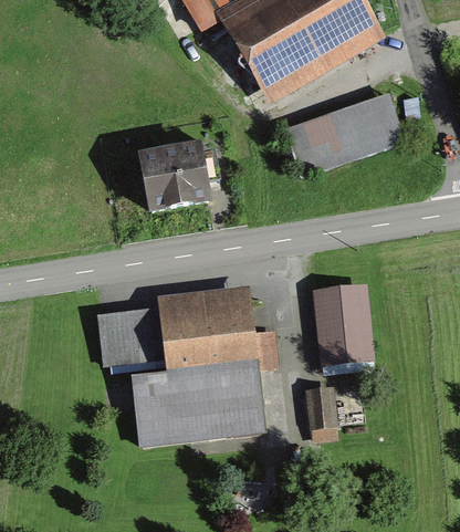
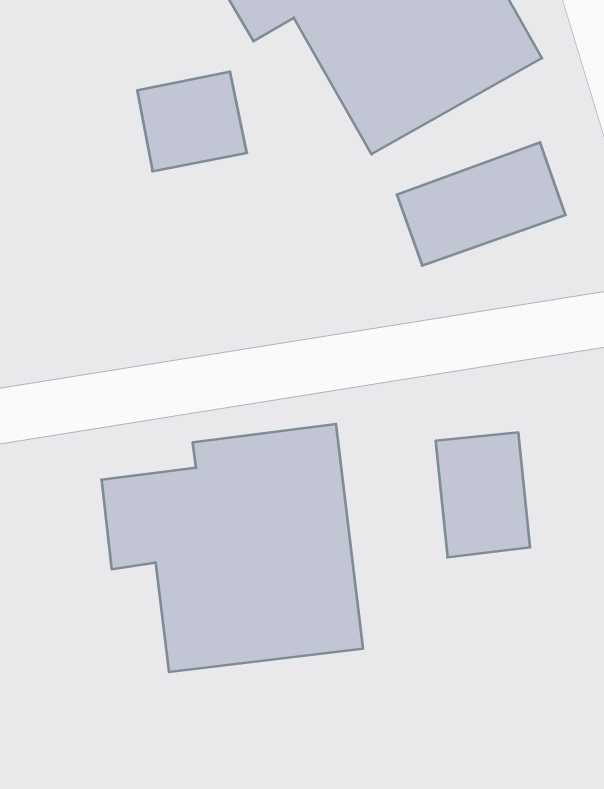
building: [139,150,211,216] -> [137,72,247,171]
building: [306,386,339,437] -> none

